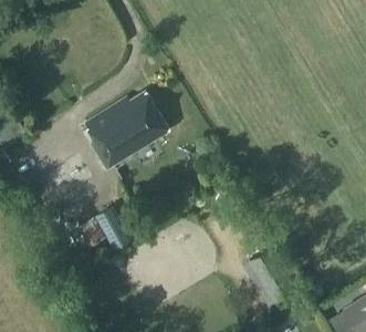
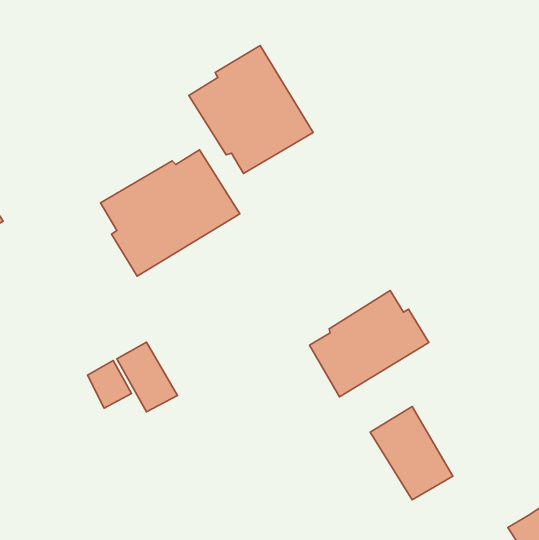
building: none -> [189,45,313,173]
building: none -> [309,291,429,397]

